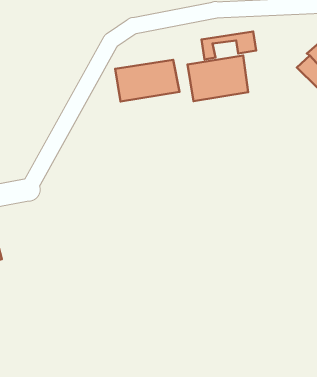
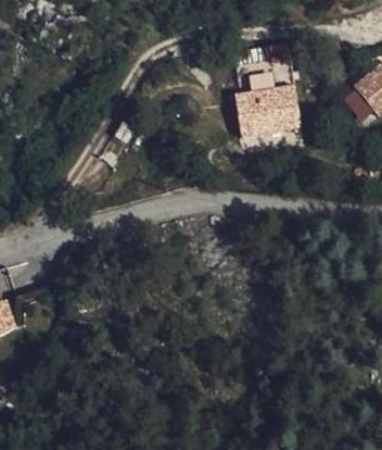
building: [115,60,179,101] -> none

